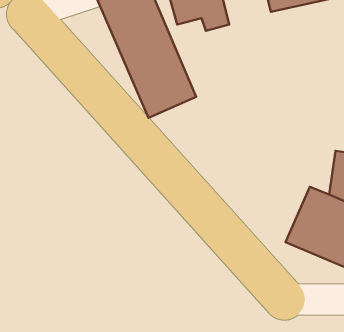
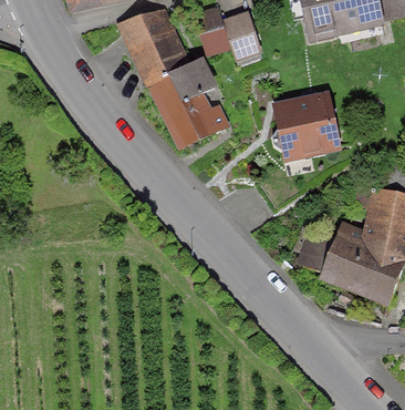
building: none -> [269,88,338,165]

